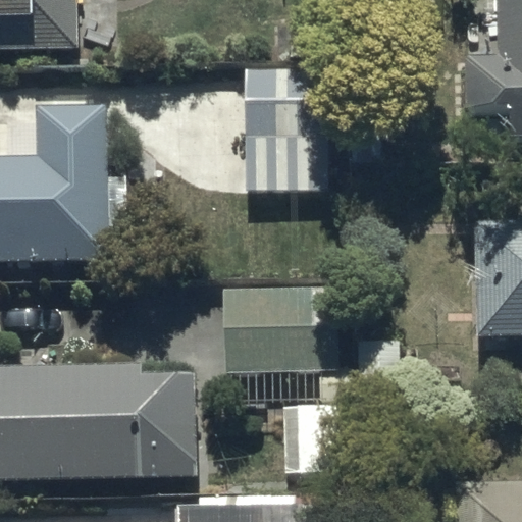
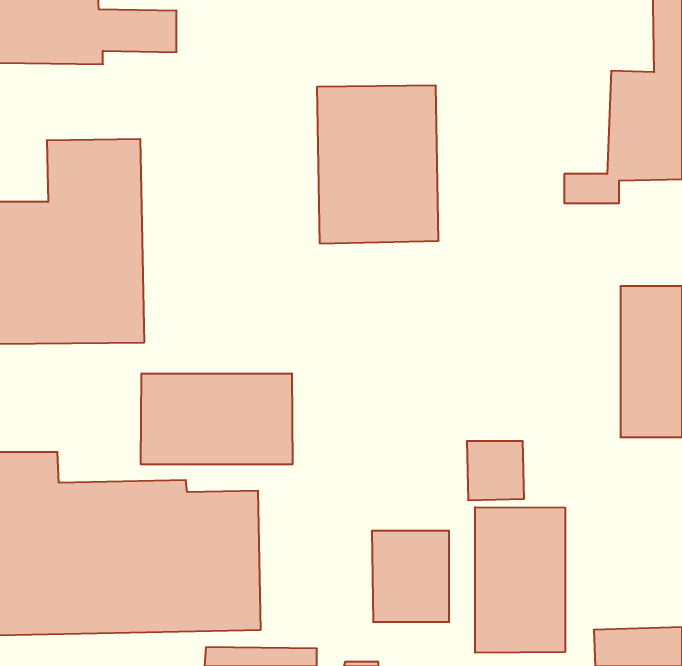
building: [224,280,351,400] -> none
building: none -> [141,373,293,464]
building: none -> [475,507,565,653]

